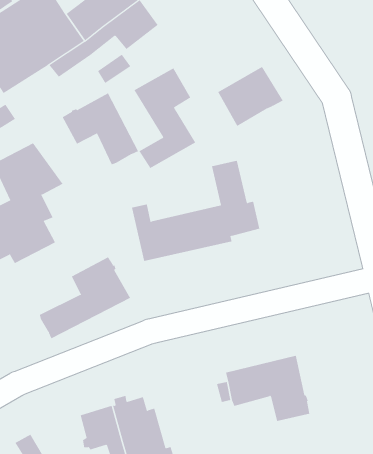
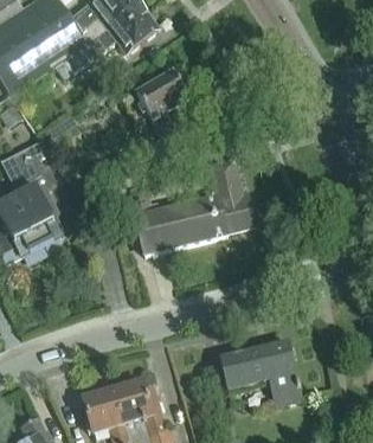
building: [217,66,284,127] -> none
building: [62,92,139,165] -> none
building: [39,256,131,339] -> none

